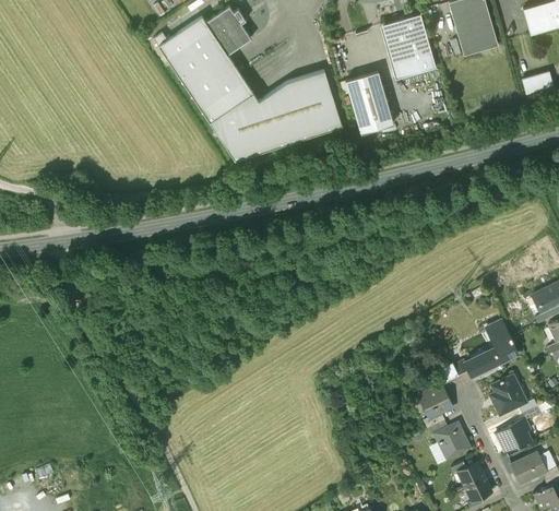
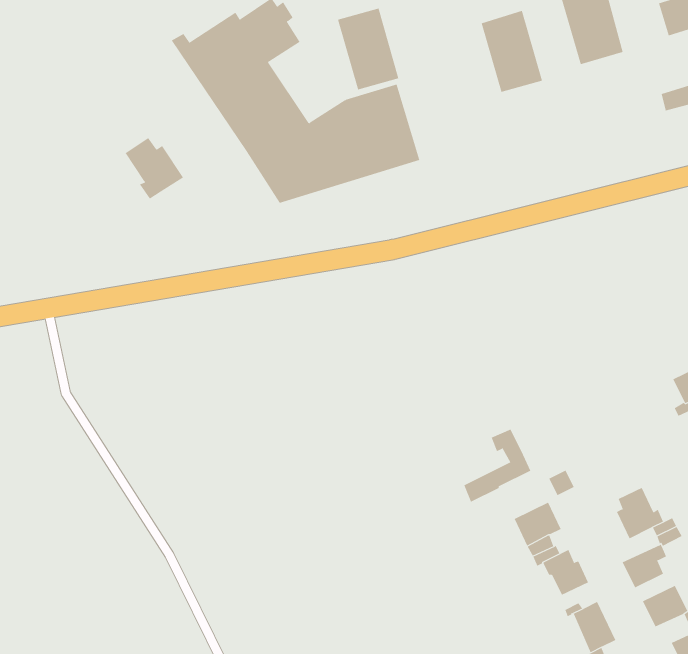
building: [346,72,393,134] -> [337,8,399,90]
building: none -> [125,137,184,199]
building: [466,322,518,378] -> [463,429,531,502]

